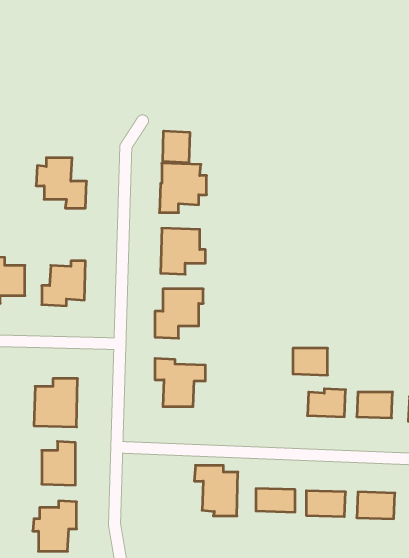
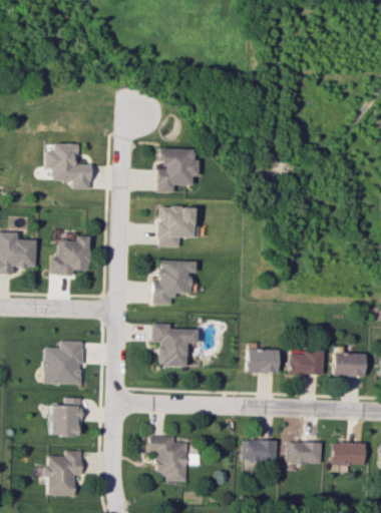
building: [163,131,190,163] -> none
building: [293,348,328,375] -> [248,349,279,373]
building: [194,465,238,516] -> [149,436,188,481]

